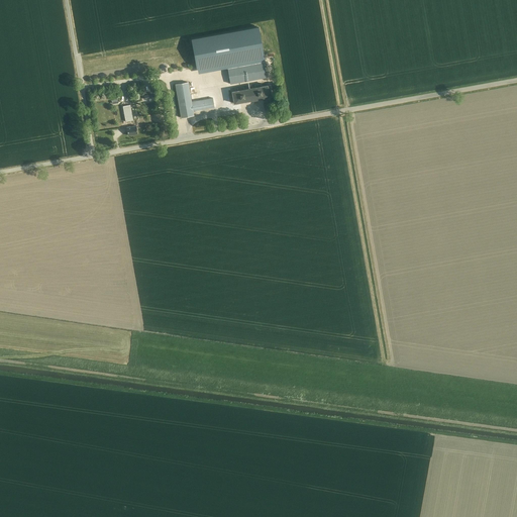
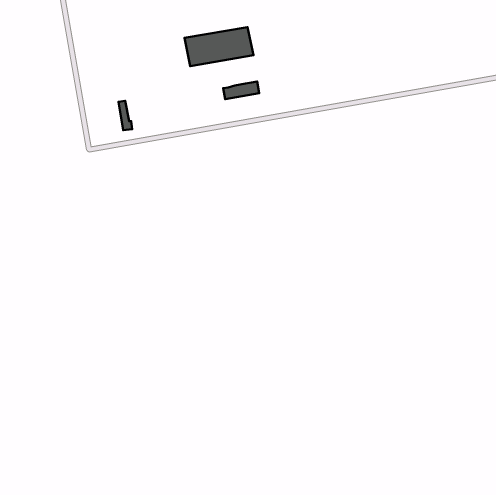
building: [227,64,266,85] -> none
building: [175,83,214,118] -> none

